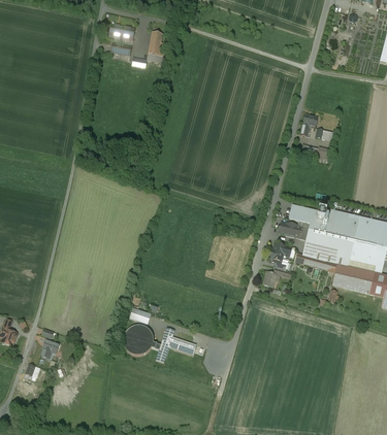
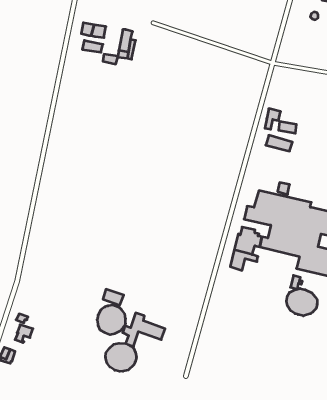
building: none -> [286,288,317,316]
building: none -> [106,343,136,371]

